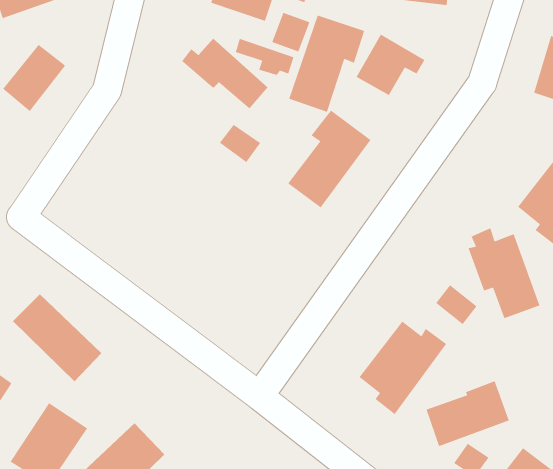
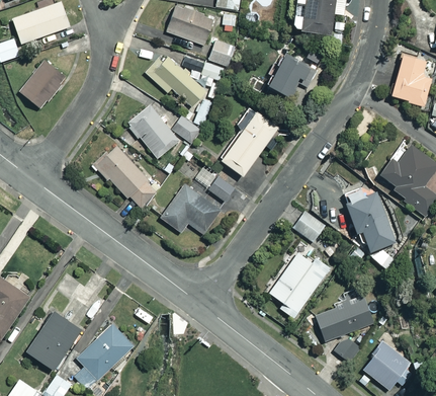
building: [288,14,365,113] -> none
building: none -> [129,107,177,159]
building: none -> [208,172,237,202]
building: none -> [160,182,223,235]
building: [435,284,478,325] -> [293,214,323,242]
building: [12,293,102,382] -> [96,148,159,210]

